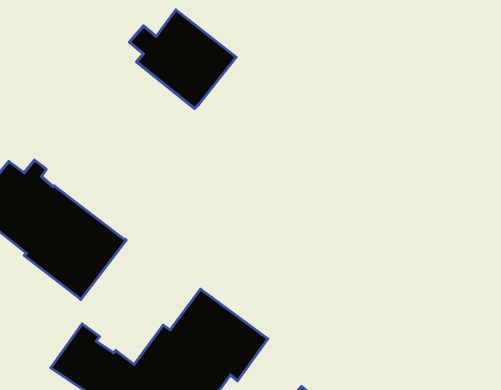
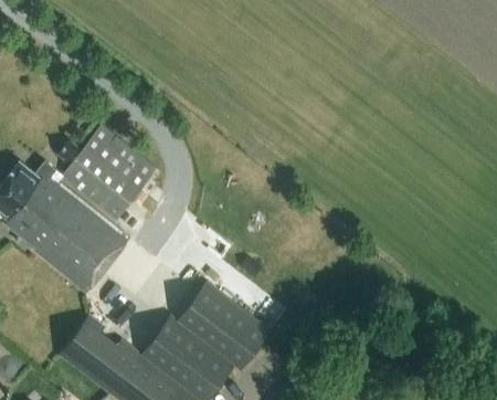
building: [129,10,236,108] -> [57,124,159,218]

